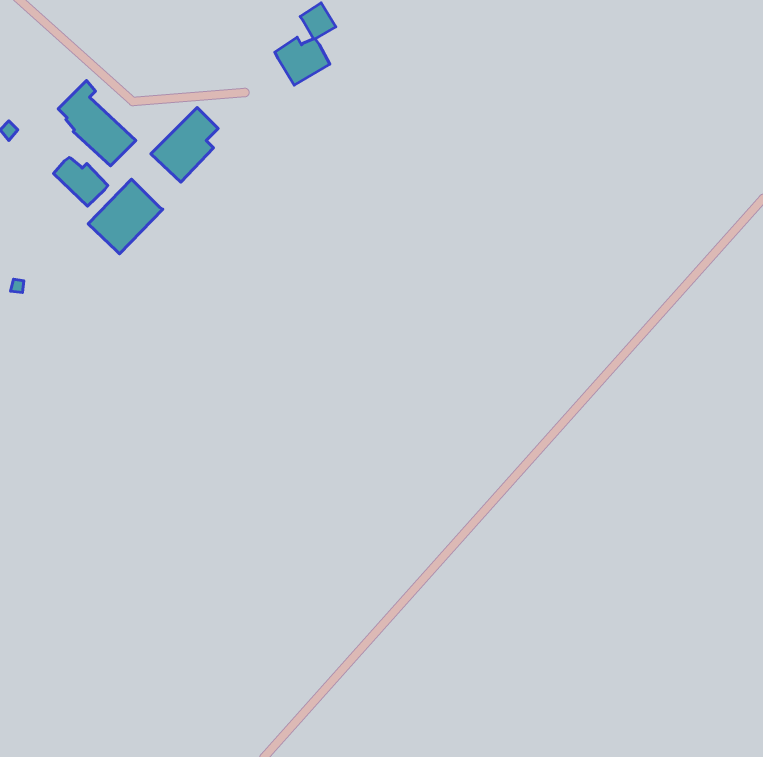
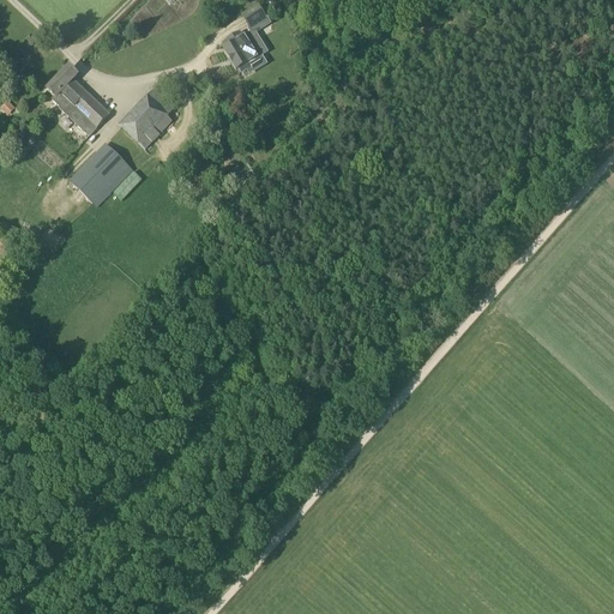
building: [54,157,108,206] -> none

